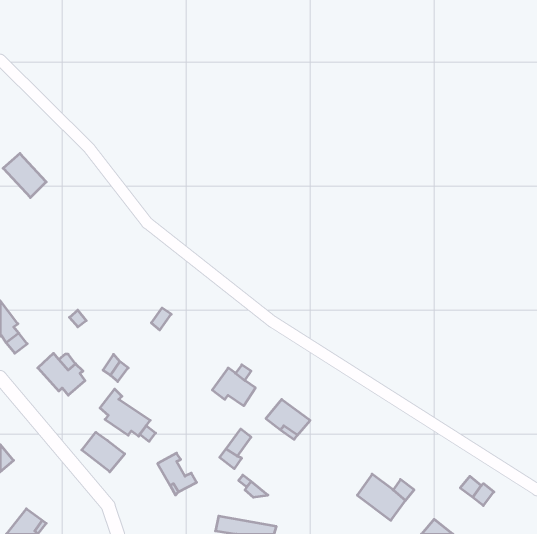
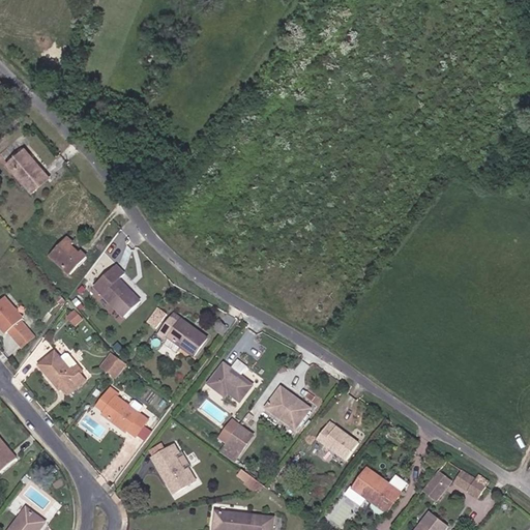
building: none -> [46,238,84,276]
building: none -> [91,263,137,314]
building: none -> [158,317,205,358]
building: none -> [314,423,354,461]
building: [82,432,125,472] -> none
building: none -> [421,469,451,500]

